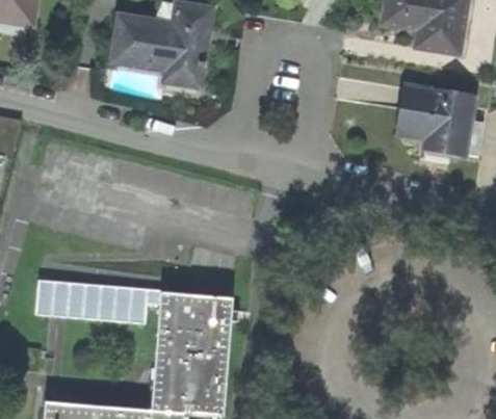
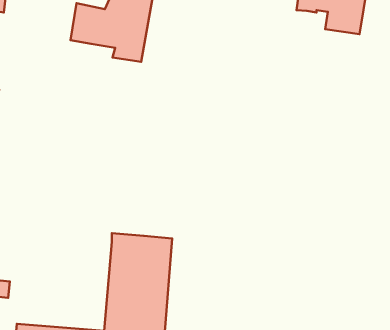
building: [399,85,484,155] -> none
building: [35,279,161,322] -> none

